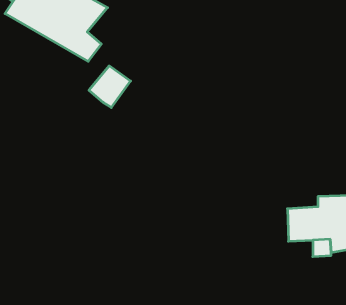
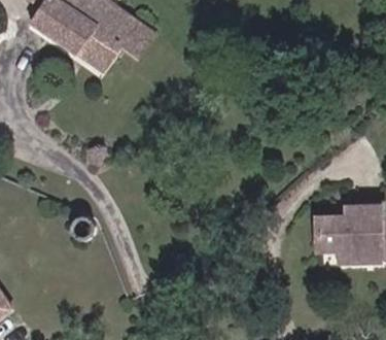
building: [89,66,131,108] -> [109,10,151,53]

